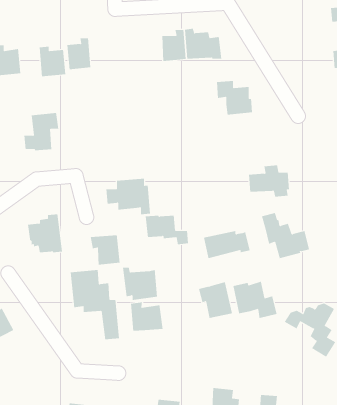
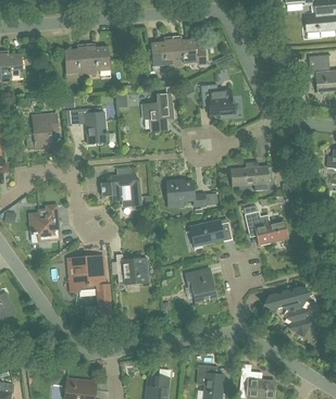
building: [39,46,66,77] -> [85,42,110,71]
building: none -> [142,92,173,129]
building: none -> [72,107,108,142]
building: [145,215,189,245] -> [165,178,206,205]
building: [90,234,120,266] -> none
building: [233,281,277,319] -> none
building: [130,301,163,332] -> none

